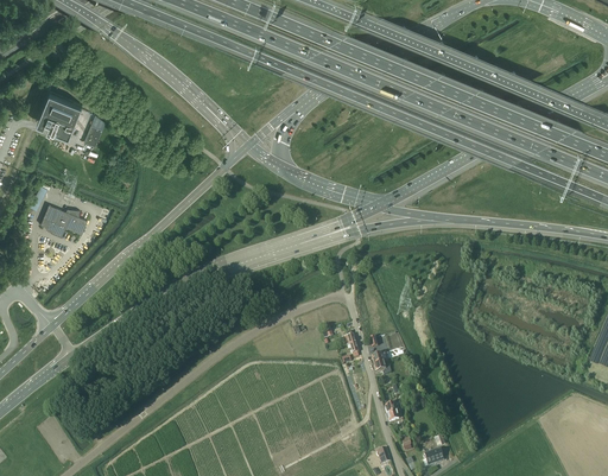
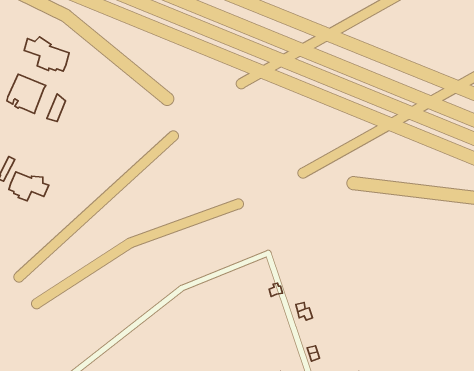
building: none -> [24,37,69,71]

